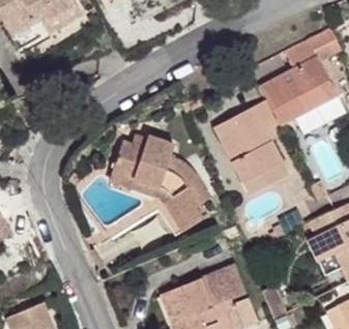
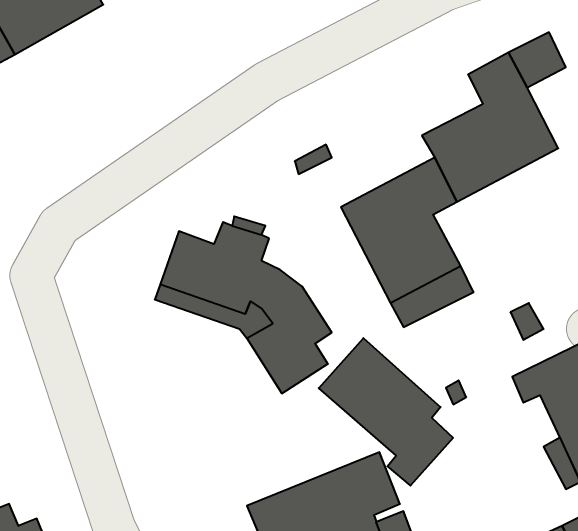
building: none -> [319,338,453,486]

